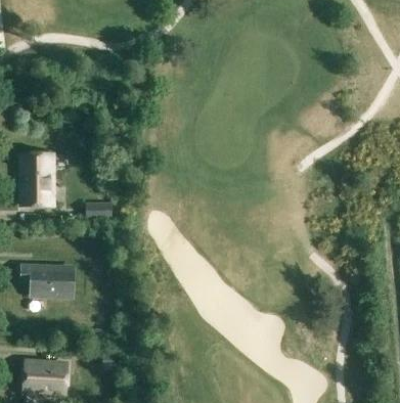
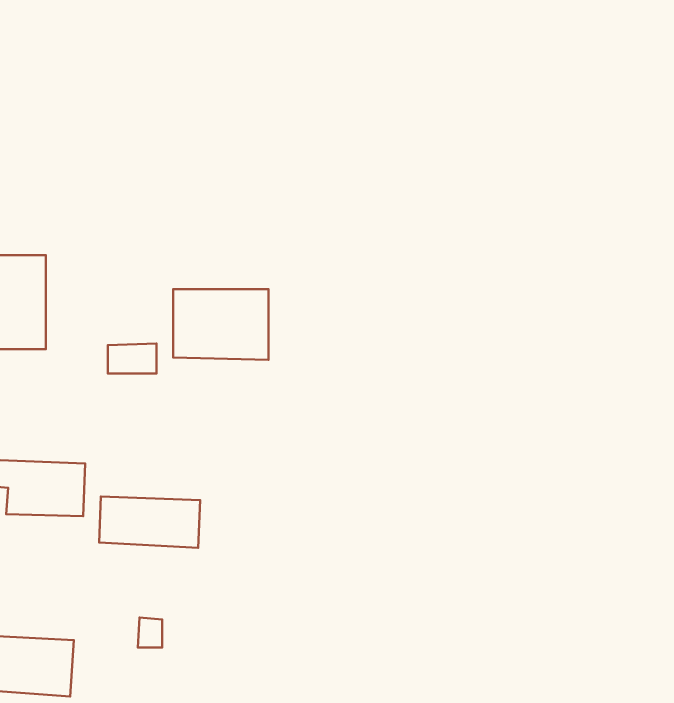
building: none -> [173,289,268,360]
building: none -> [99,497,200,548]

